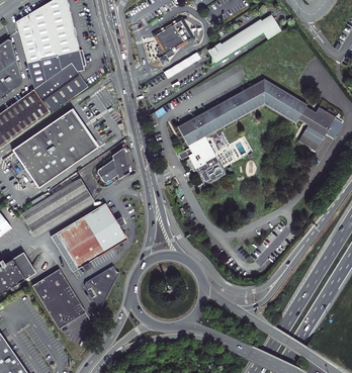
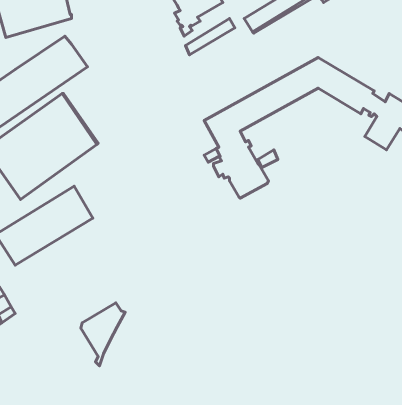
building: [28,49,84,88] -> none
building: [96,148,129,182] -> none
building: [58,202,127,266] -> none
building: [32,269,84,328] -> none

